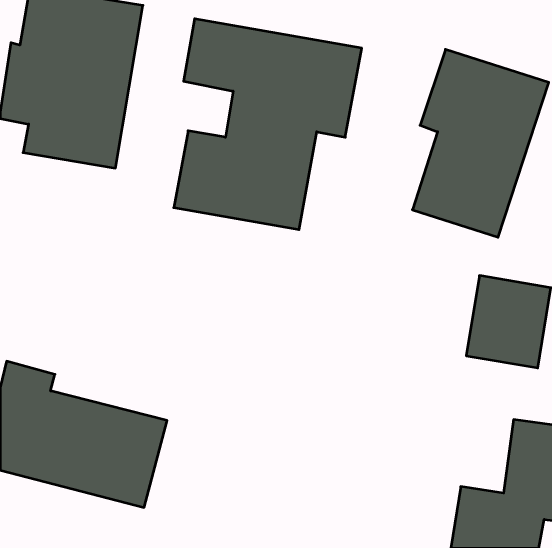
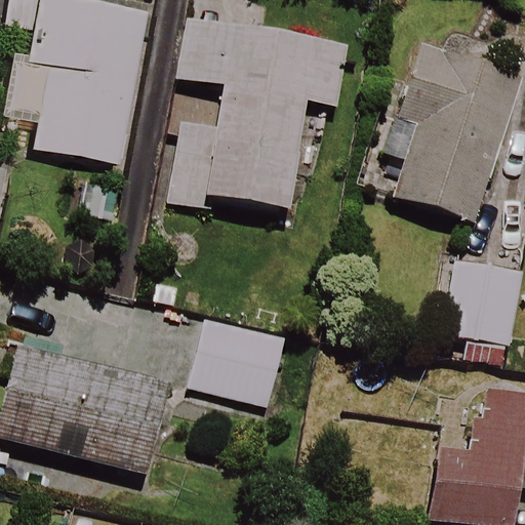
building: none -> [189,316,285,401]

